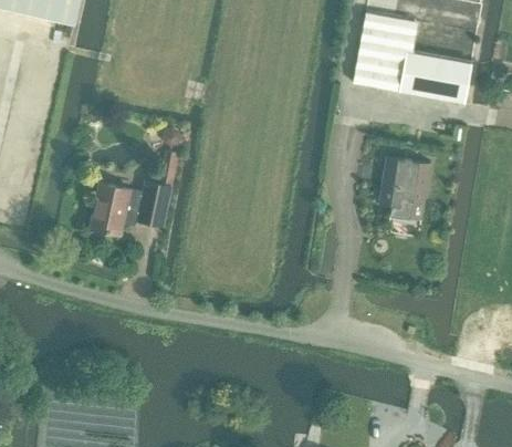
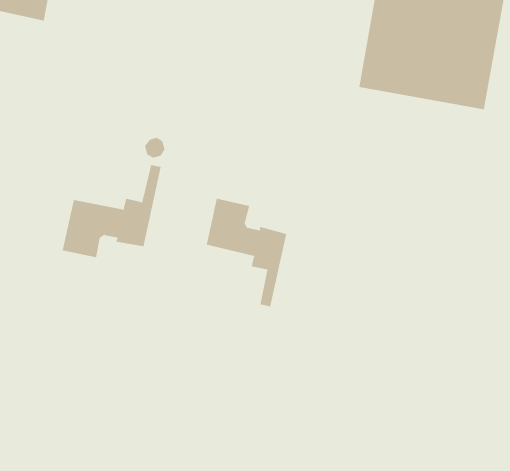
building: [379,156,430,220] -> none
building: none -> [206,198,287,307]

